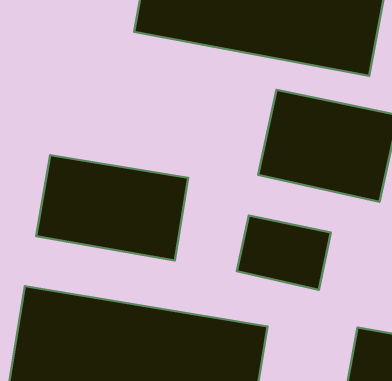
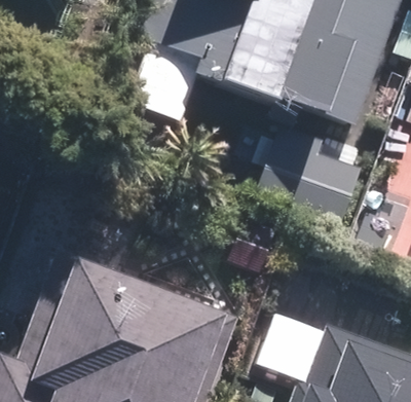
building: [36,155,188,261] -> none

